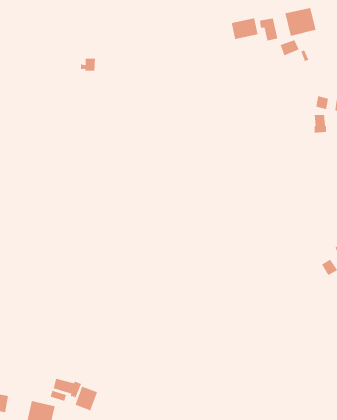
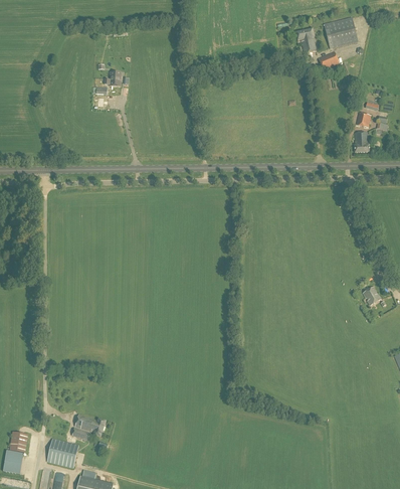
building: [231,18,258,40] -> none
building: [75,386,98,411] -> none

